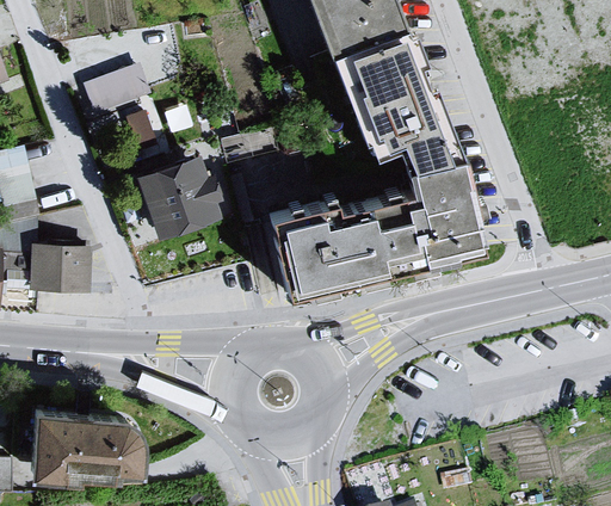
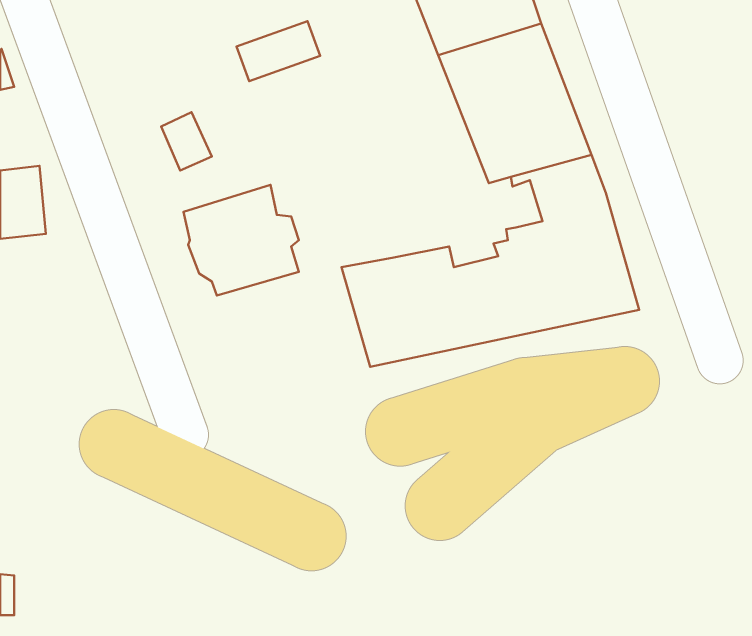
building: [87,66,150,111] -> [236,21,320,81]
building: [32,247,90,294] -> none
building: [33,415,146,488] -> none

